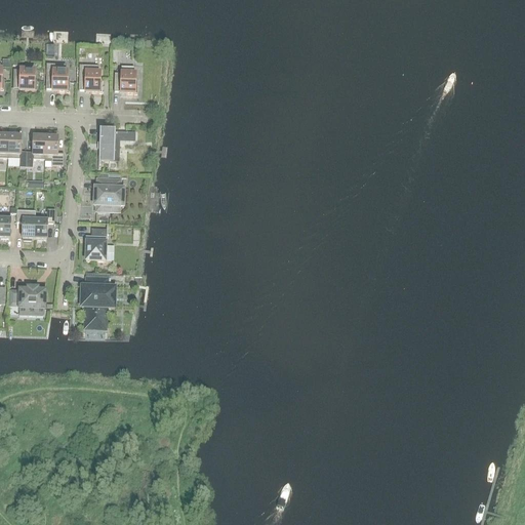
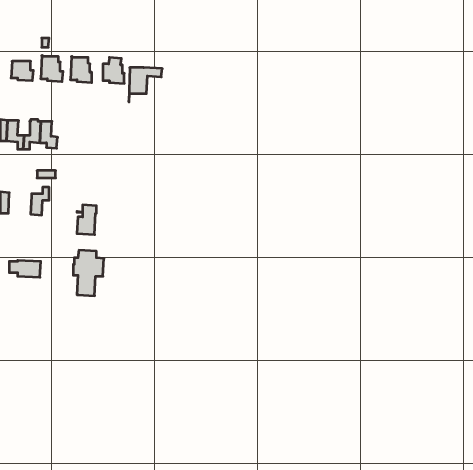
building: [99,129,136,167] -> [129,68,162,102]
building: [95,177,124,209] -> none
building: [17,208,36,239] -> none

